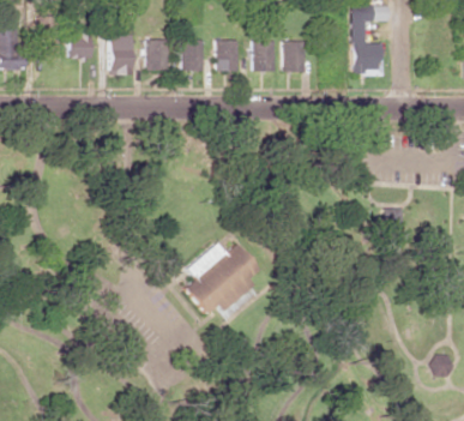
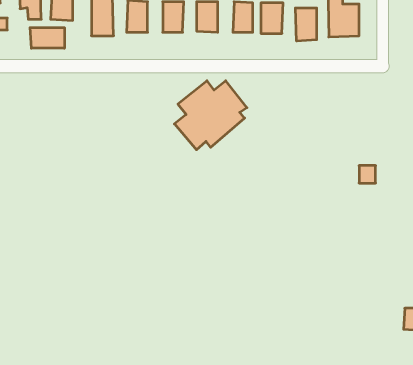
building: none -> [295,8,317,41]
building: none -> [30,28,64,48]
building: [185,243,259,314] -> [174,81,247,150]

